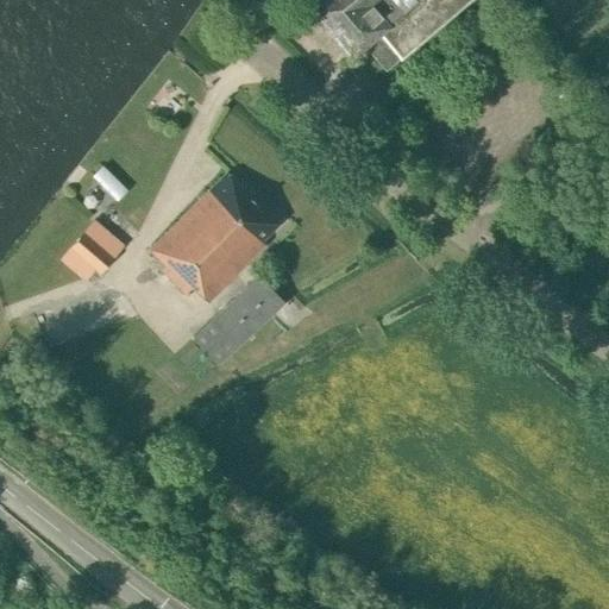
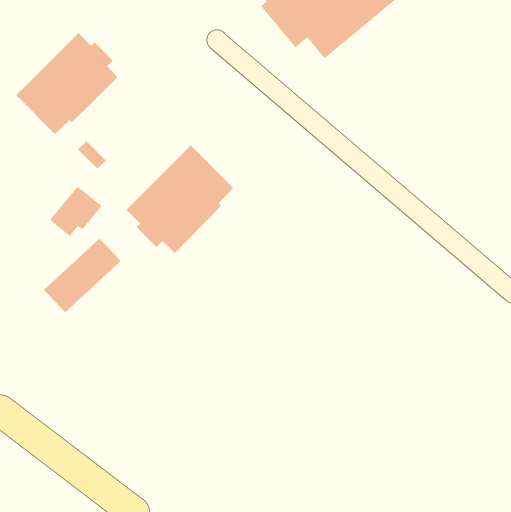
building: none -> [15,32,119,135]
building: [194,274,287,363] -> [43,238,122,313]

